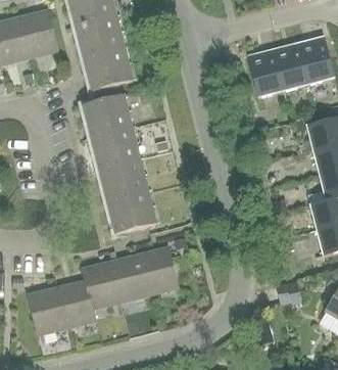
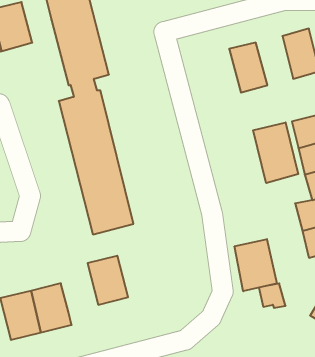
building: [273,43,308,90] -> none
building: none -> [253,122,298,183]
building: none -> [235,239,277,291]
building: [140,247,179,293] -> none
building: [82,261,122,308] -> none

